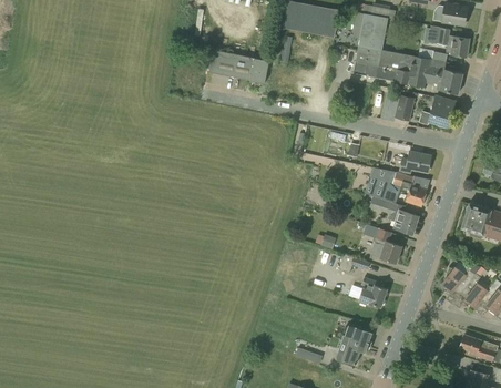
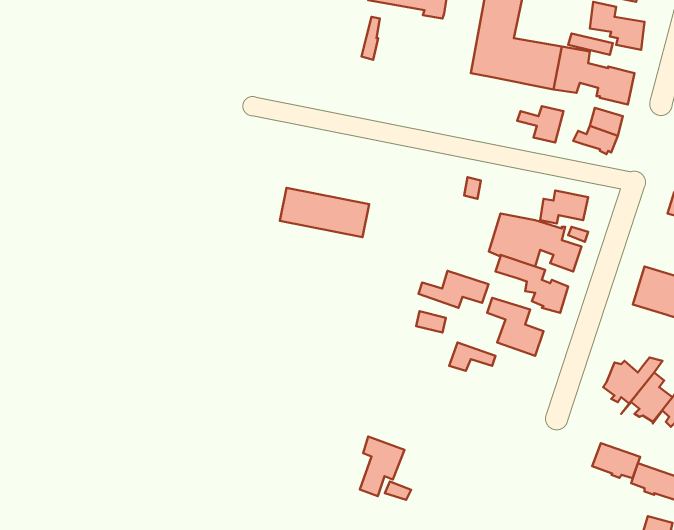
building: [208,50,268,83] -> [280,188,369,237]
building: none -> [418,271,488,308]
building: [359,277,387,306] -> none
building: none -> [592,443,640,478]
building: [342,324,372,364] -> [360,437,404,496]

